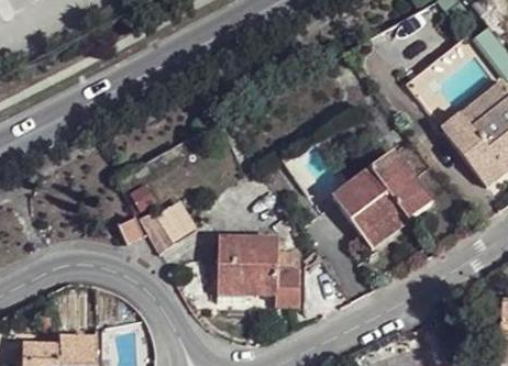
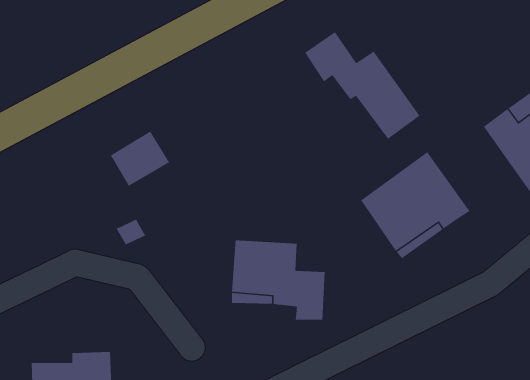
building: none -> [304,31,420,140]
building: [144,197,198,247] -> [110,130,170,187]

